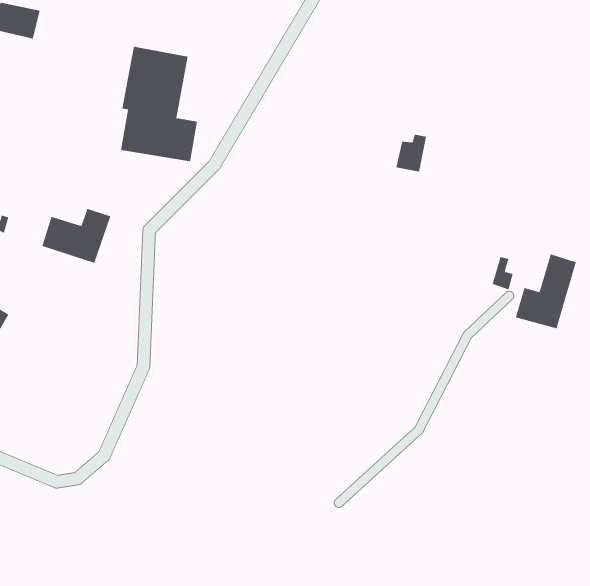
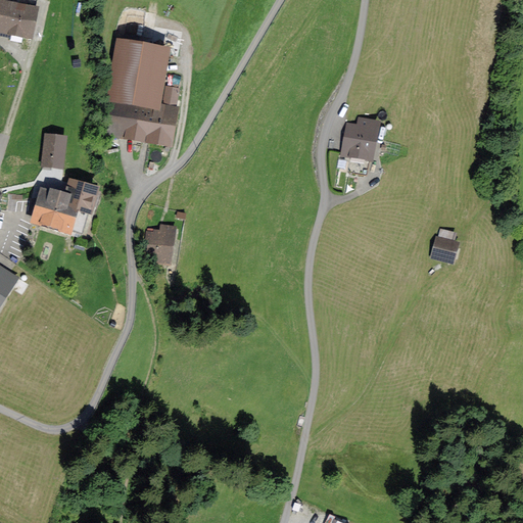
building: none -> [43,136,62,165]
building: [515,254,576,329] -> none
building: none -> [144,225,175,260]

